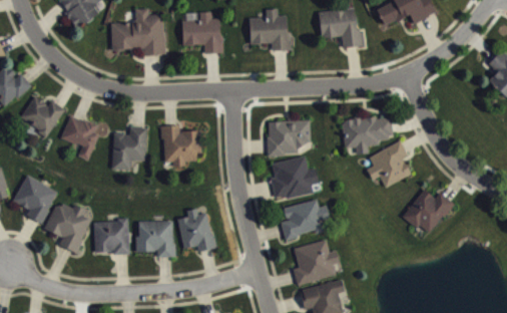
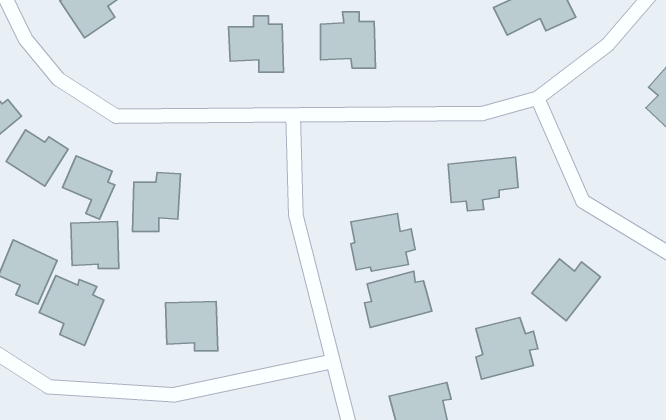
building: [111,8,164,55] -> none
building: [319,8,365,48] -> none
building: [268,119,311,155] -> none
building: [162,125,201,167] -> none
building: [367,140,411,187] -> none
building: [178,209,214,251] -> none
building: [94,220,129,254] -> [71,222,119,268]
building: [294,240,339,285] -> [476,317,538,379]

